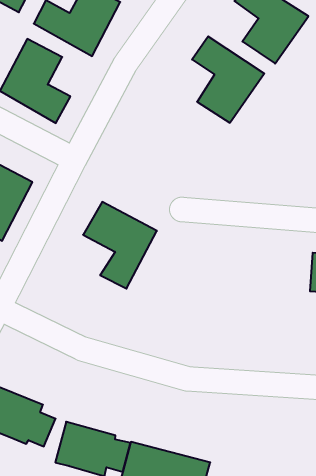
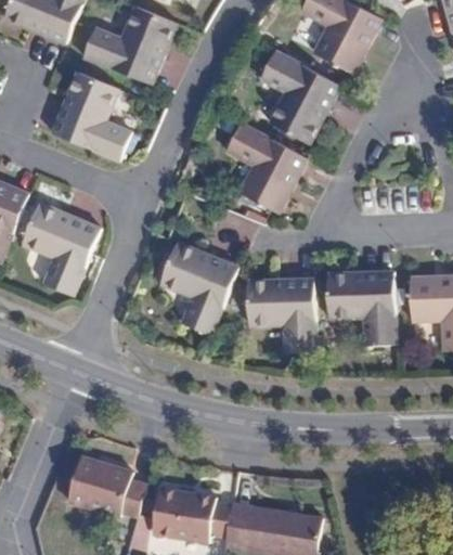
building: none -> [225,122,307,212]
building: none -> [248,281,316,352]
building: none -> [326,272,396,345]

